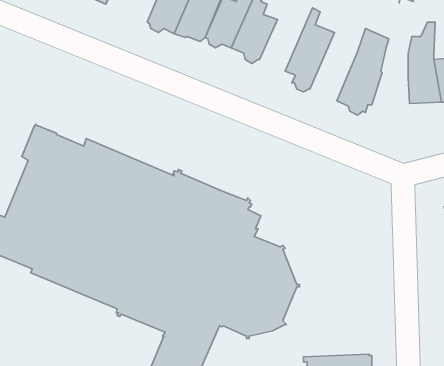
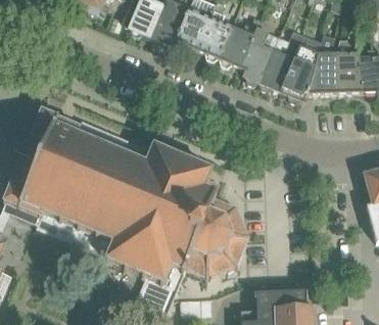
building: none -> [219,14,260,66]
building: none -> [258,30,302,90]
building: none -> [307,33,337,93]

